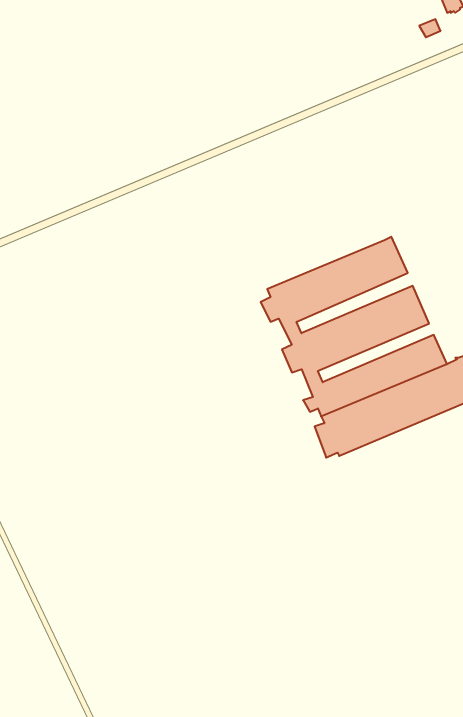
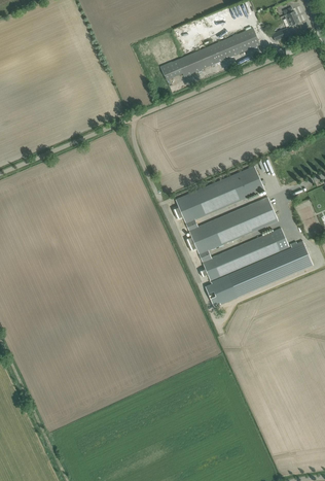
building: none -> [160,27,260,79]

